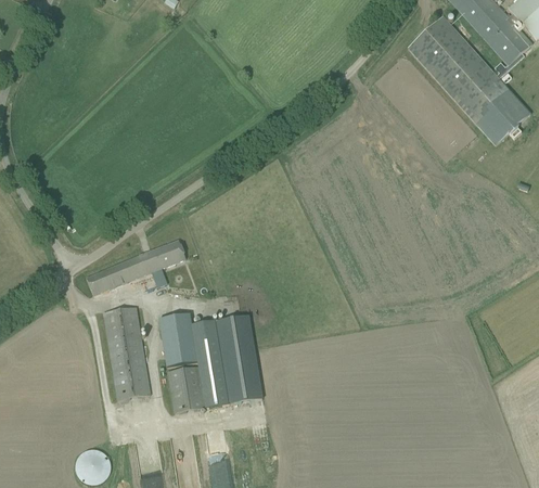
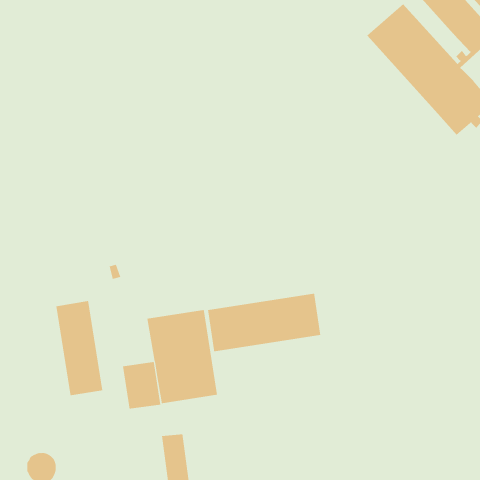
building: [86,240,185,293] -> none
building: none -> [208,293,321,352]
building: [158,313,196,367] -> none

